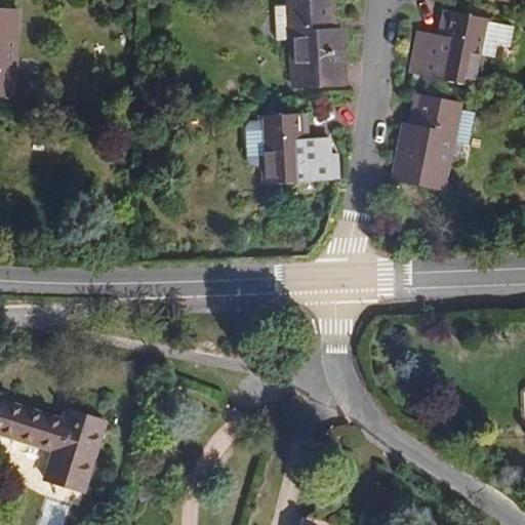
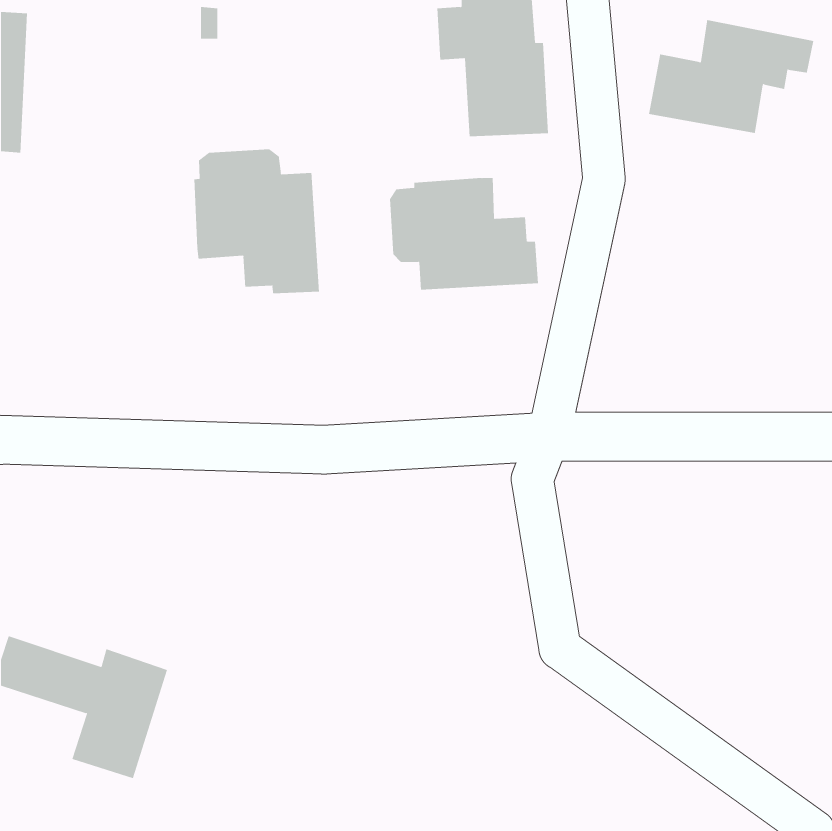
building: [393,93,460,189] -> none
building: none -> [194,149,319,294]

